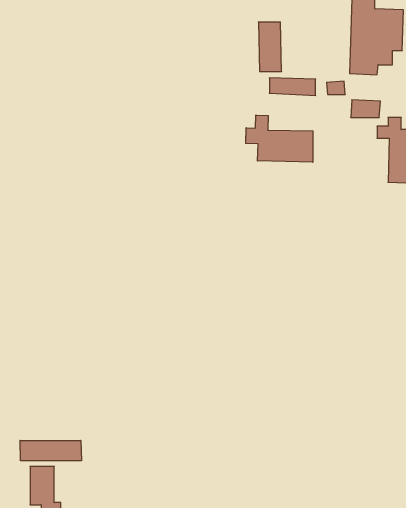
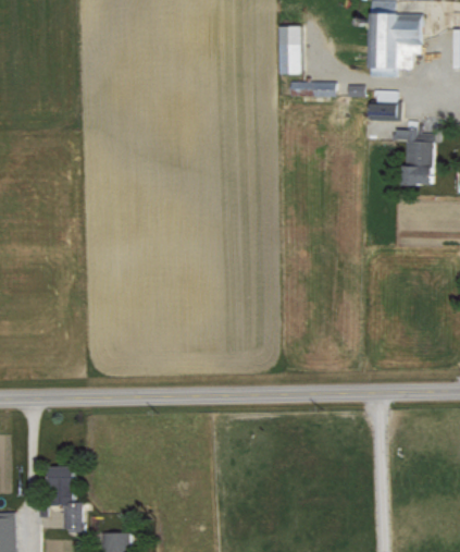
building: [246,115,313,162] -> none
building: [20,440,81,461] -> none

